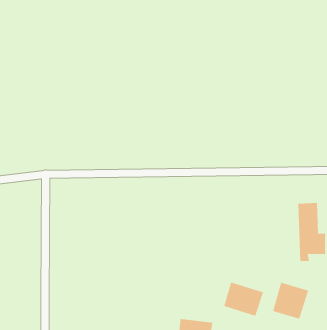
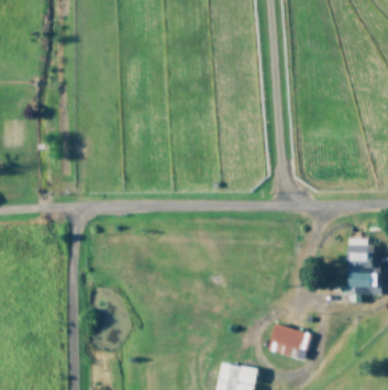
building: [272,282,309,320] -> none

